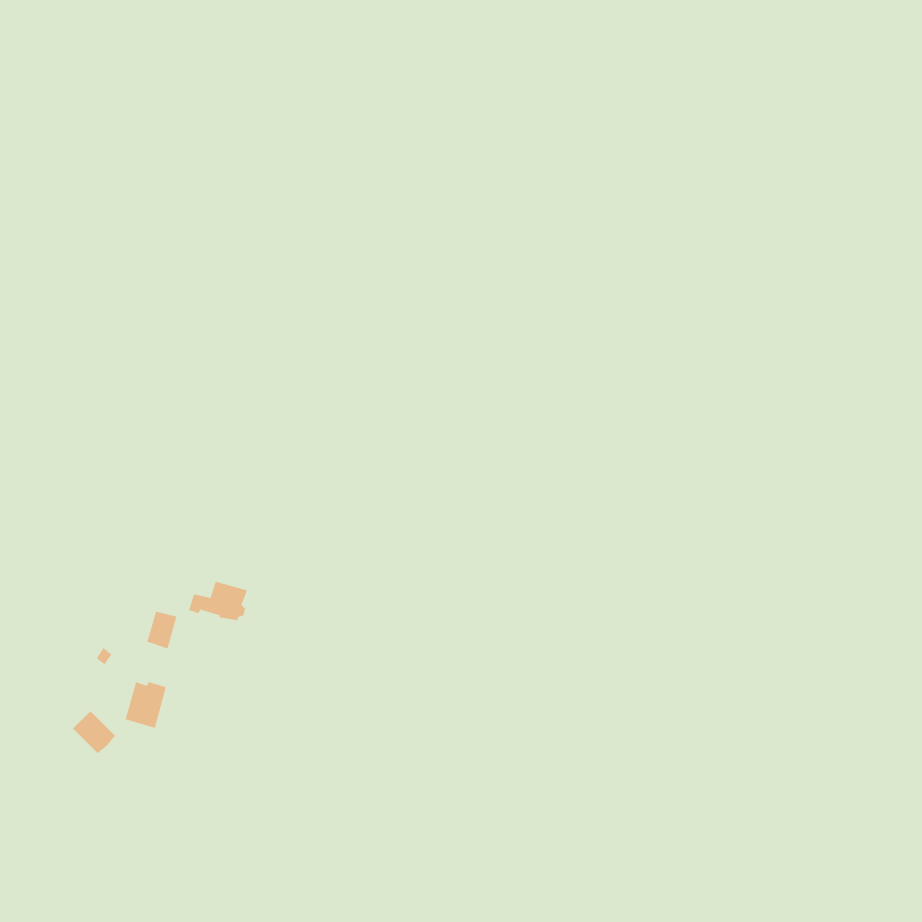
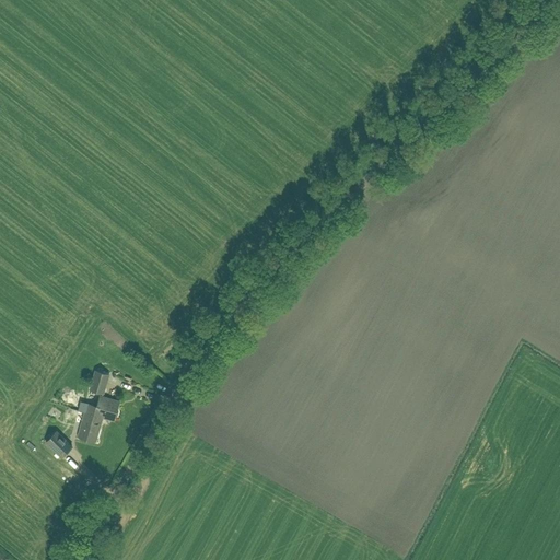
building: [188,581,248,621] -> [82,396,118,420]

